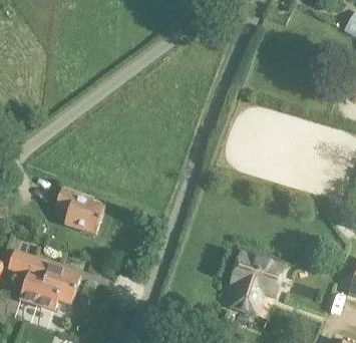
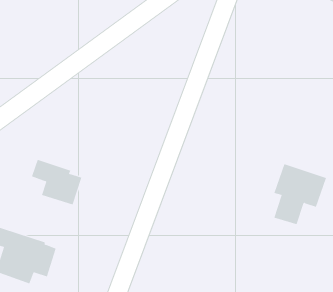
building: [231,253,283,313] -> [274,163,327,225]

